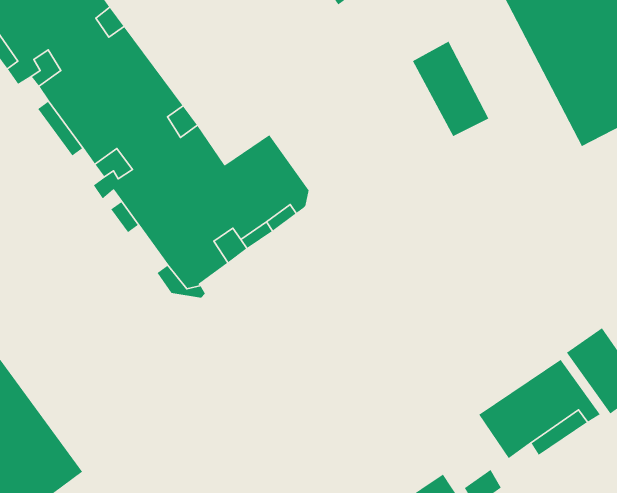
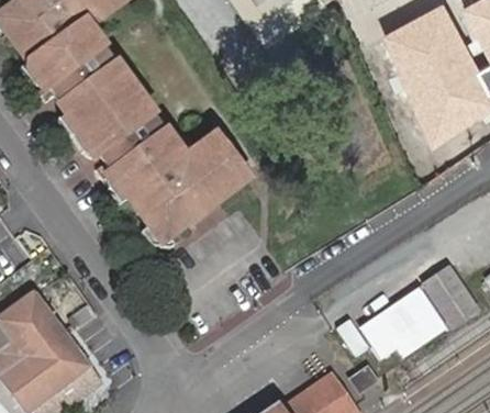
building: [412,41,489,137] -> none

